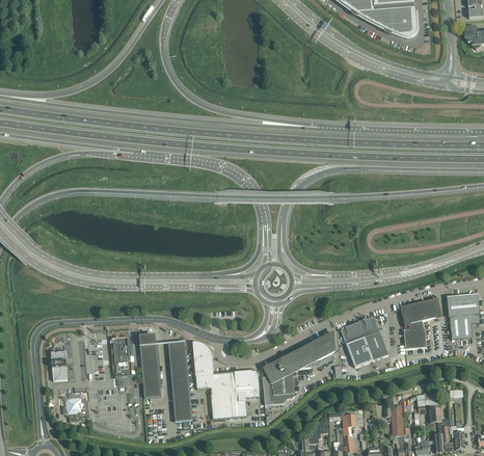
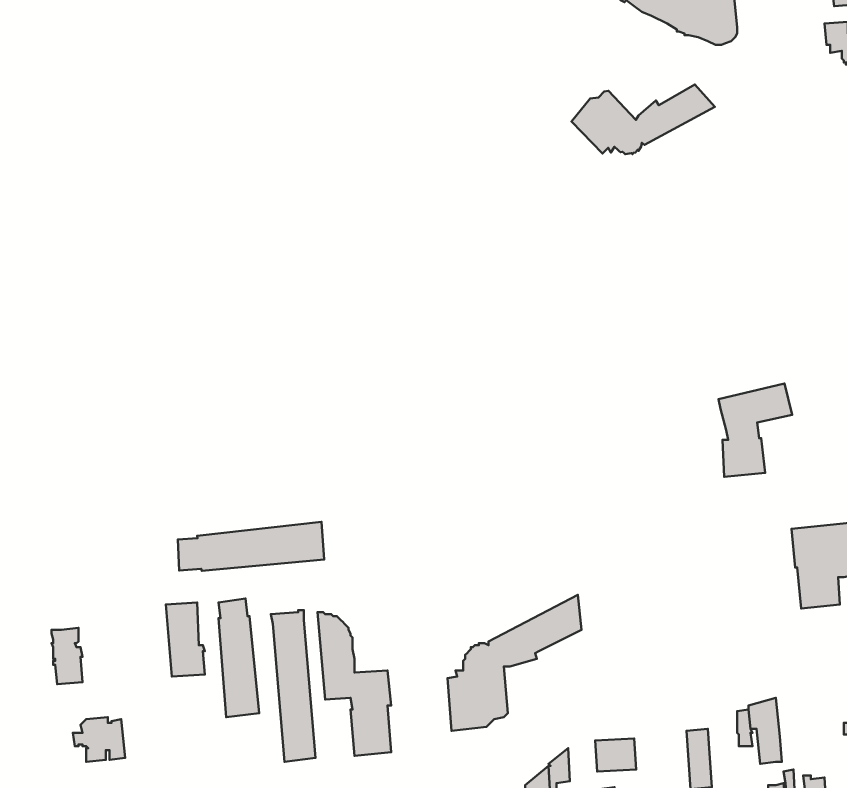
building: none -> [571,85,715,154]
building: none -> [178,522,324,571]
building: [402,298,441,348] -> [718,384,792,477]
building: [341,316,388,366] -> none
building: [231,369,260,415] -> none

